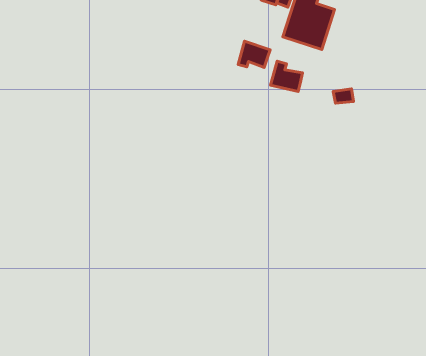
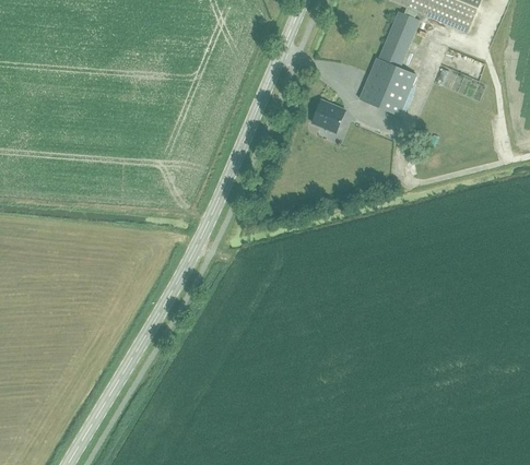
building: [270,61,302,92] -> none

